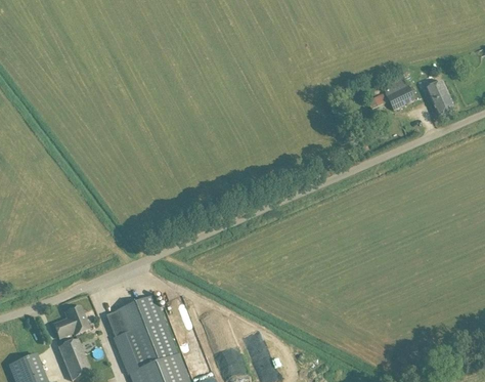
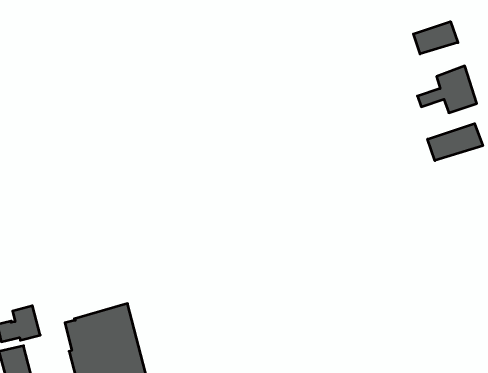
building: none -> [413,22,458,54]
building: none -> [428,124,483,161]

